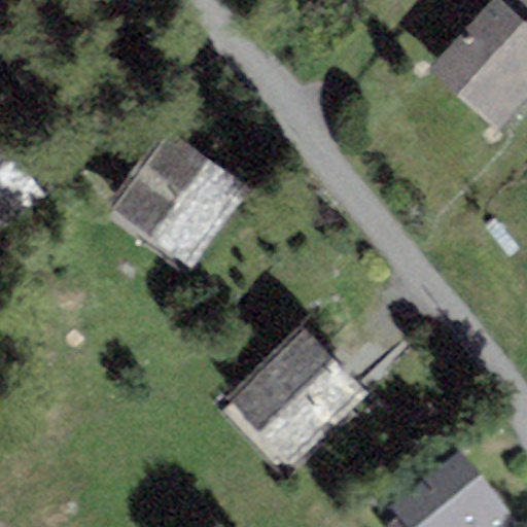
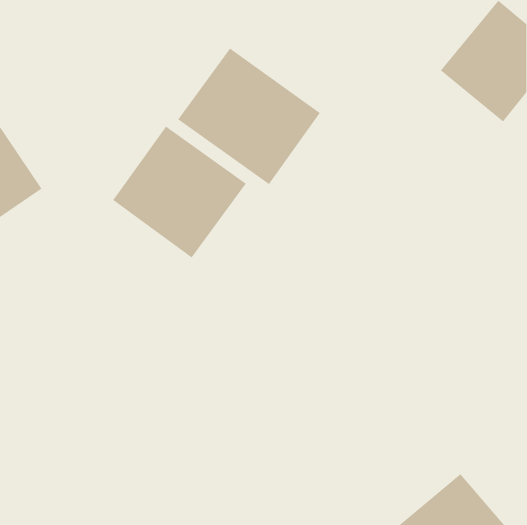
building: none -> [177,47,321,185]
building: [236,343,355,461] -> none

